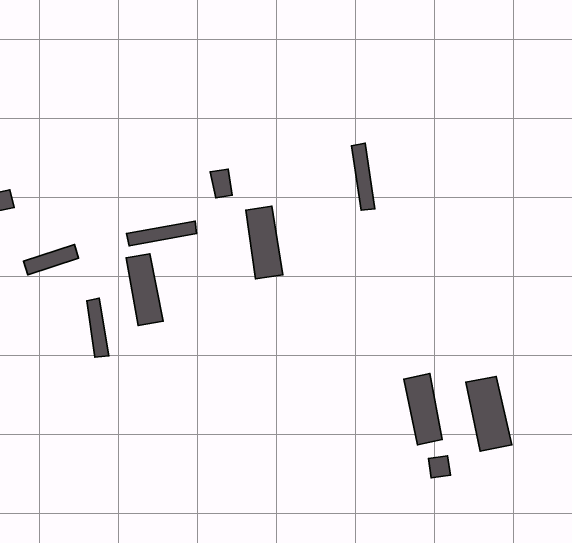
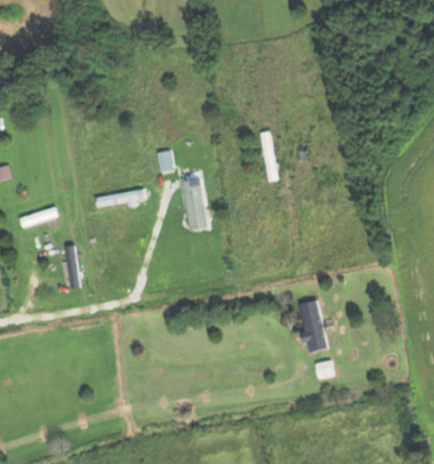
building: [126,254,163,325] -> none
building: [466,376,512,451] -> none

